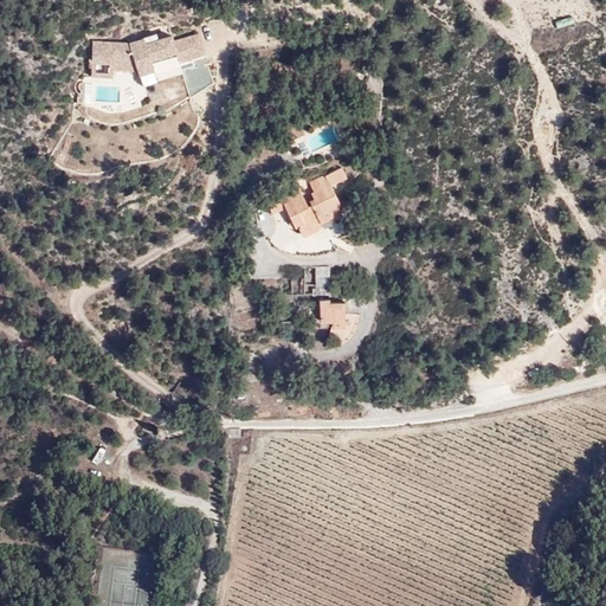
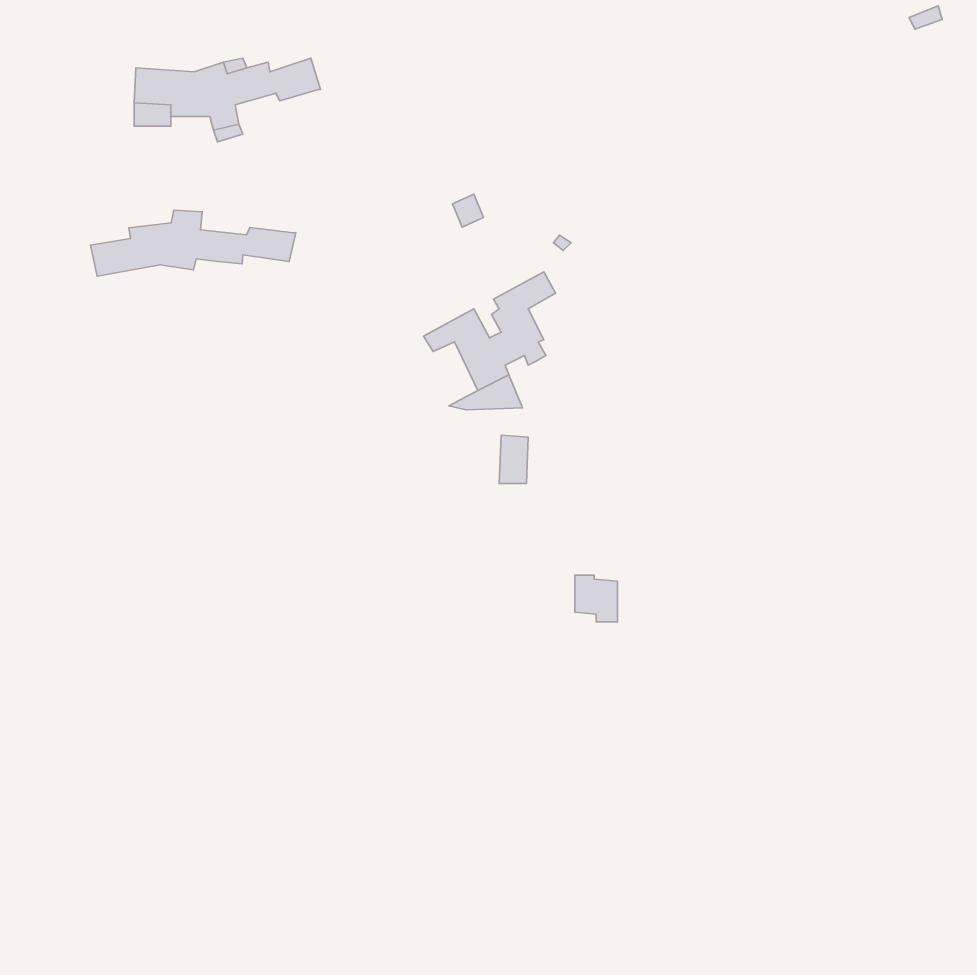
building: none -> [90,210,296,276]
building: [318,297,344,325] -> [575,575,618,622]

